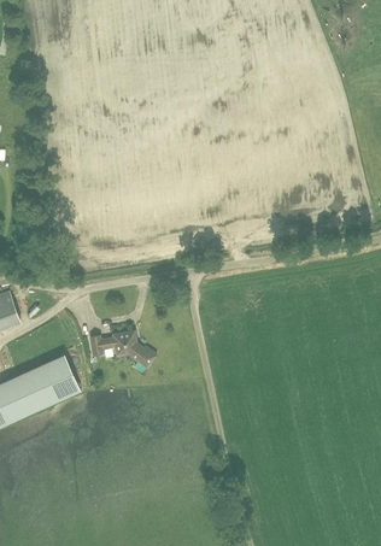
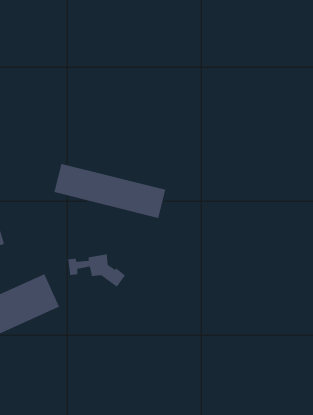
building: none -> [54,163,166,219]

